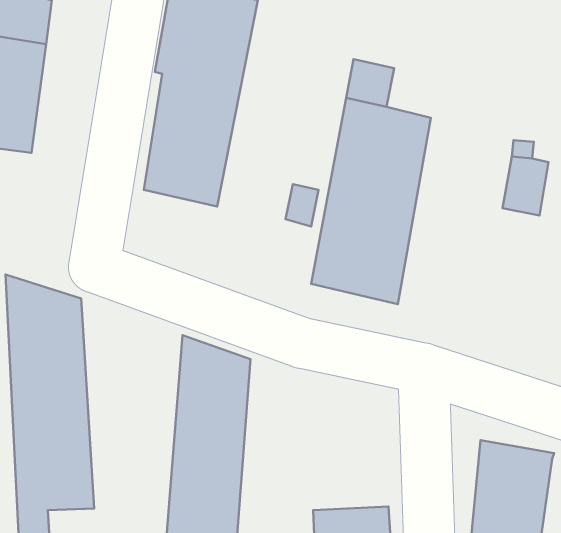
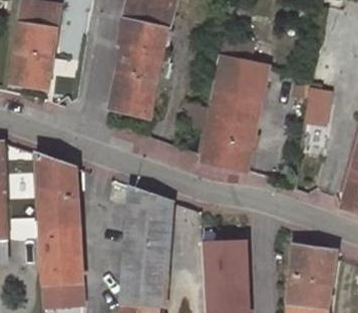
building: none -> [201,241,244,283]

